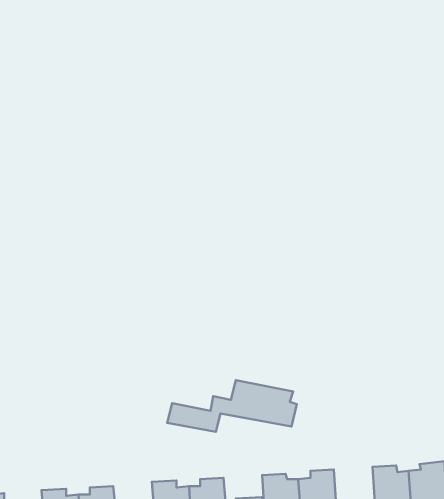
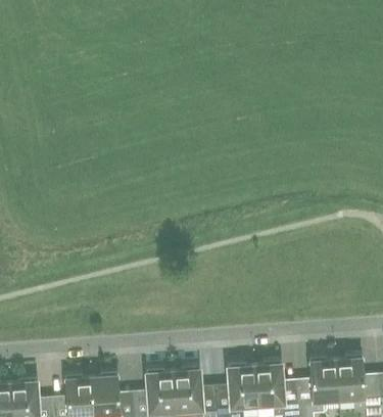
building: [167,380,297,432] -> none

